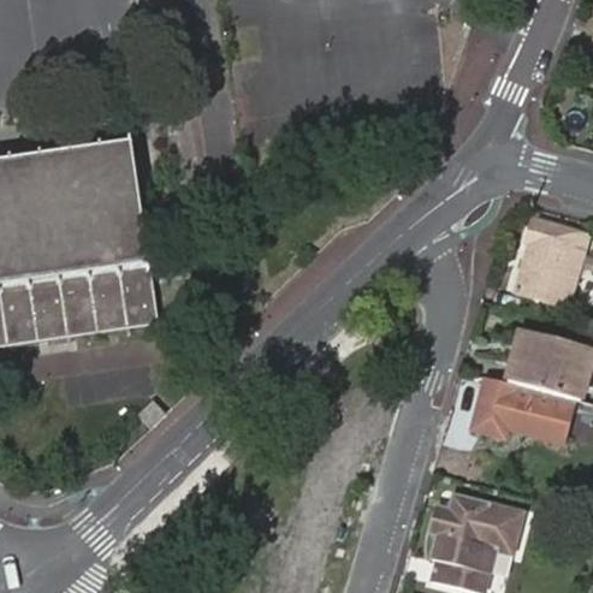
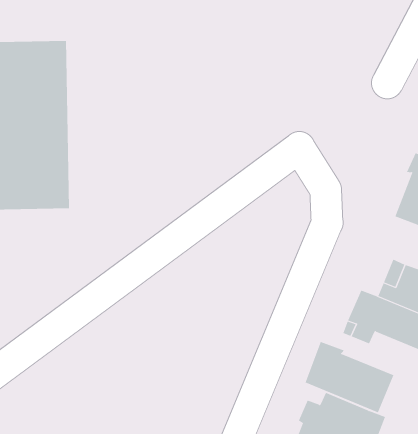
building: none -> [305,341,394,413]

